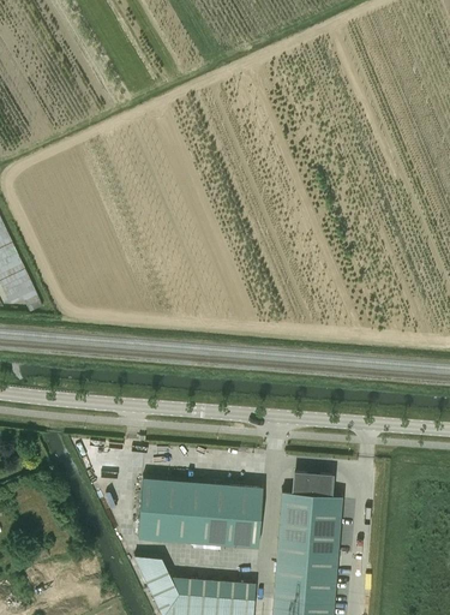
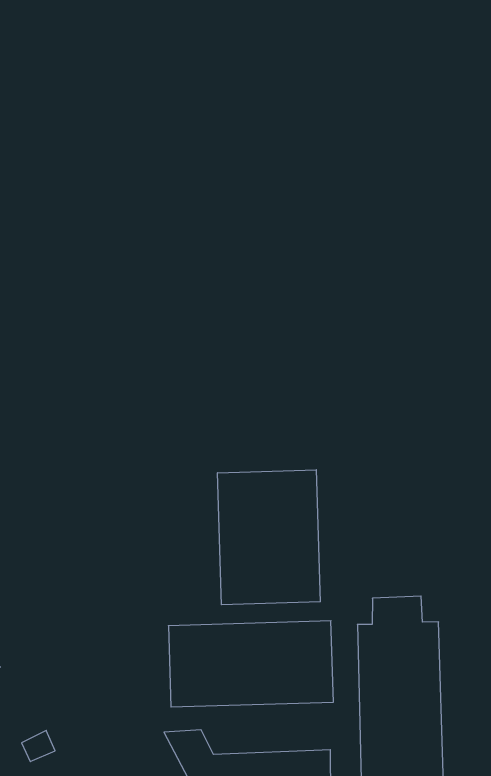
building: none -> [218,470,320,605]

